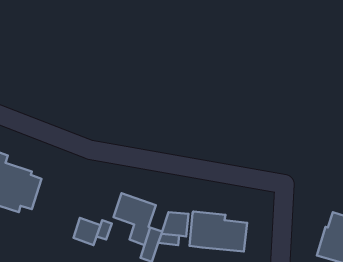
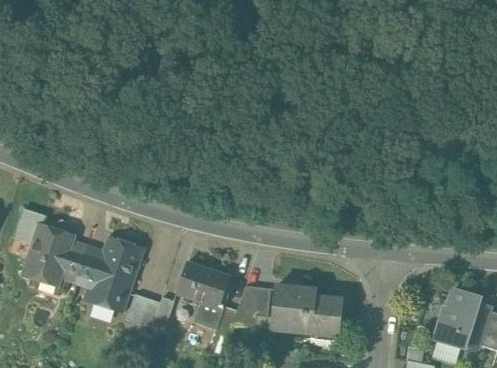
building: none -> [74,236,143,312]

